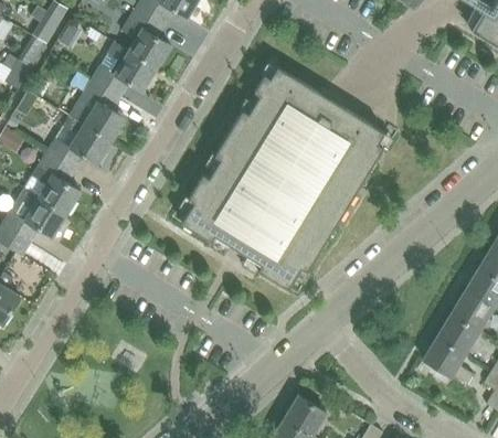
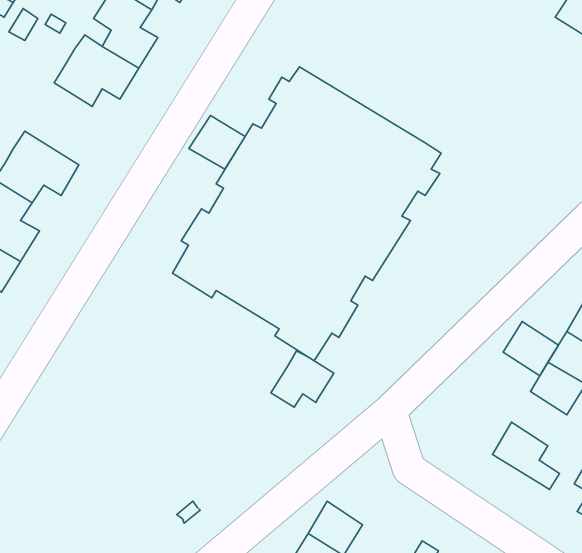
building: [70,79,125,141] -> none
building: none -> [189,115,245,169]
building: none -> [271,351,334,407]
building: [437,312,479,353] -> [503,322,559,376]

